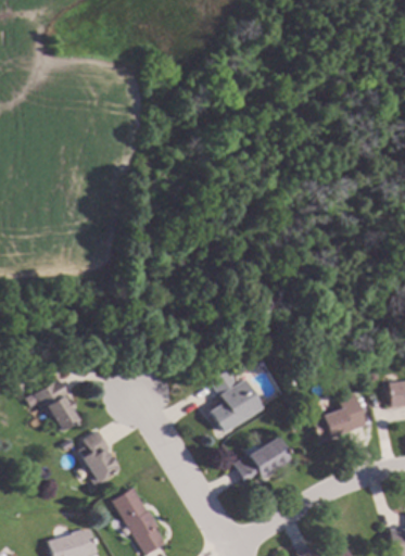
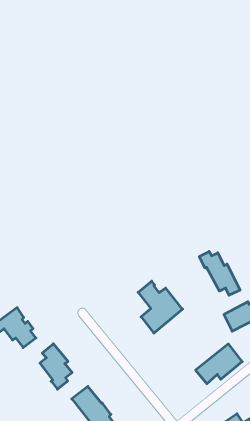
building: none -> [199,251,240,295]
building: [232,437,291,482] -> [196,344,242,384]

